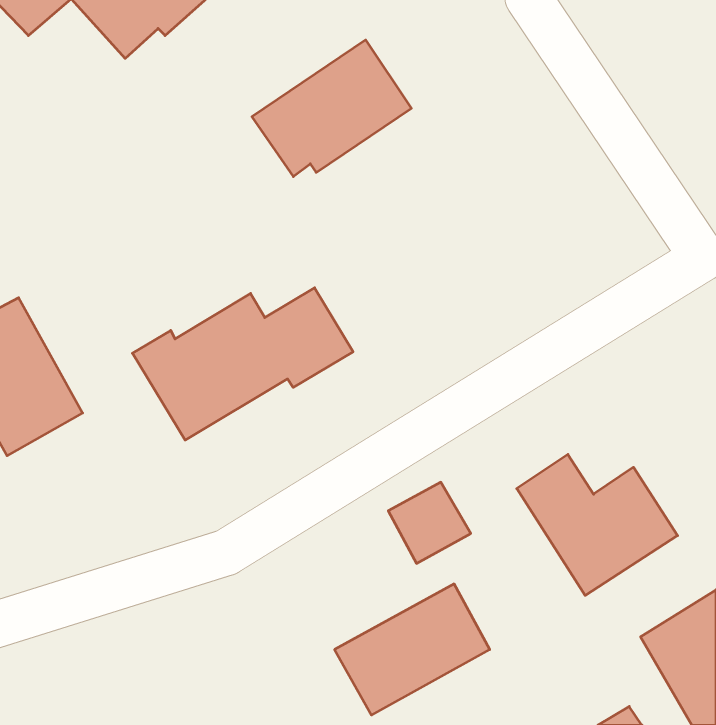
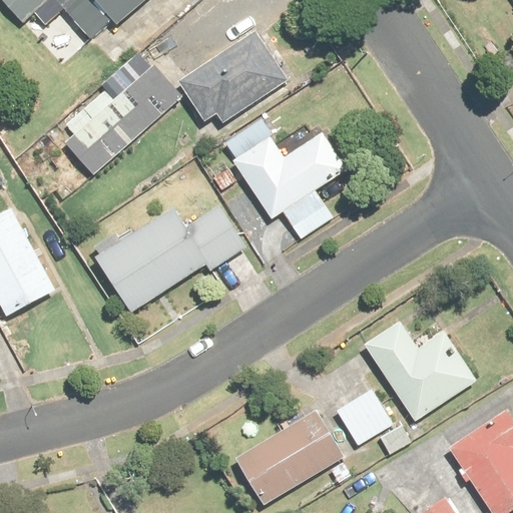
building: none -> [62,50,177,176]
building: none -> [232,126,347,224]
building: [388,482,471,563] -> [335,389,393,446]

